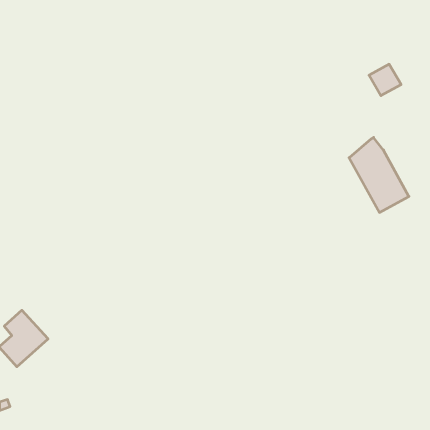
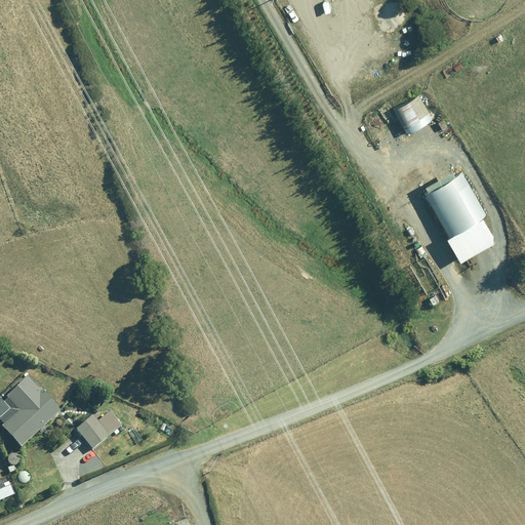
building: [369,64,401,96] -> [393,94,432,132]
building: none -> [76,411,120,448]

